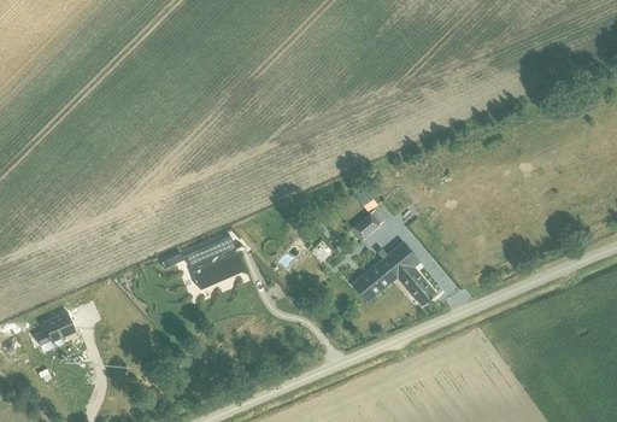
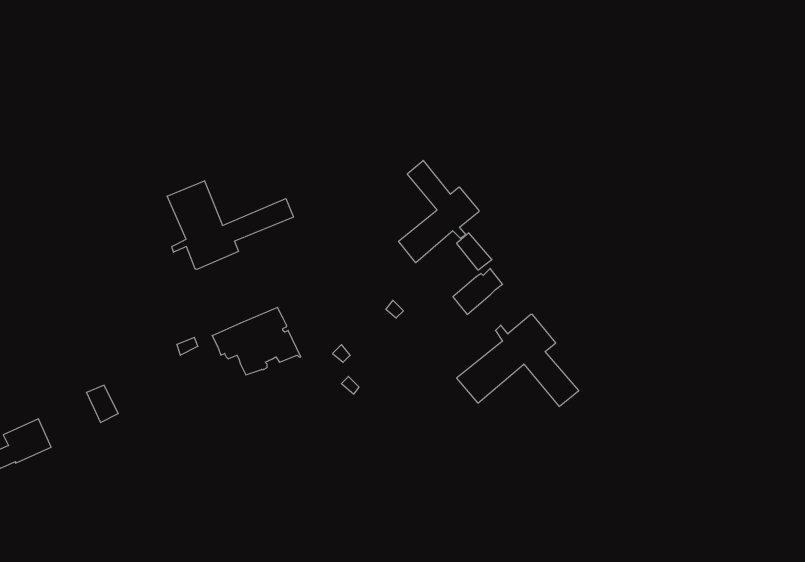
building: none -> [399,160,479,263]
building: none -> [167,181,294,269]

